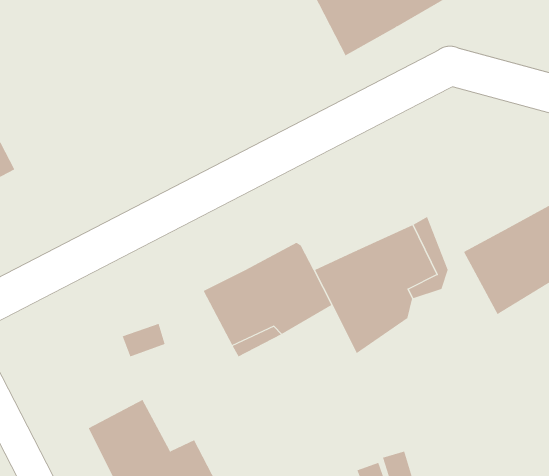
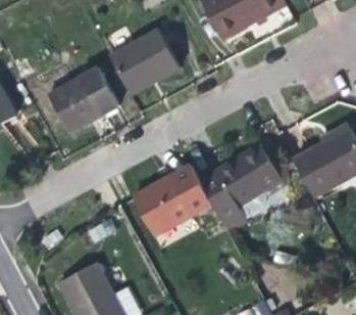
building: none -> [111,30,182,94]
building: none -> [49,70,118,132]

